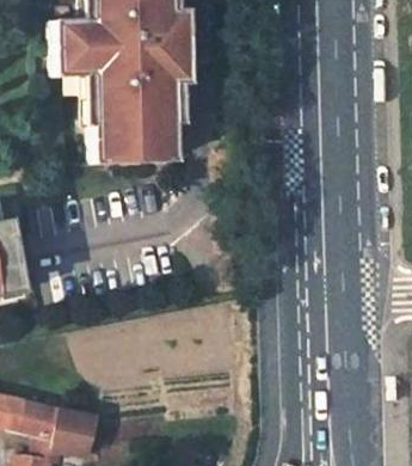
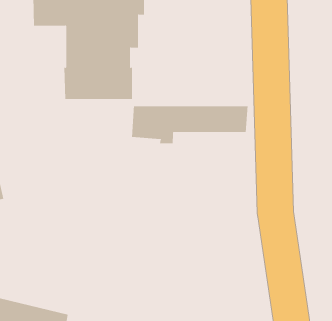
building: none -> [131,106,248,144]

